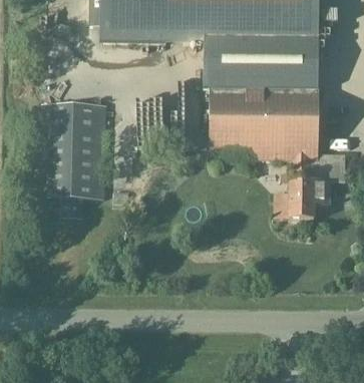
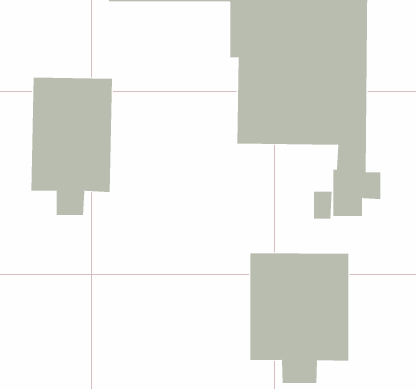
building: none -> [250,253,349,384]

